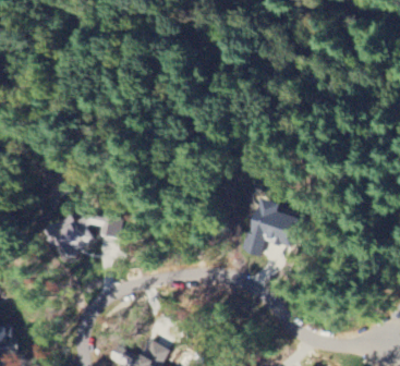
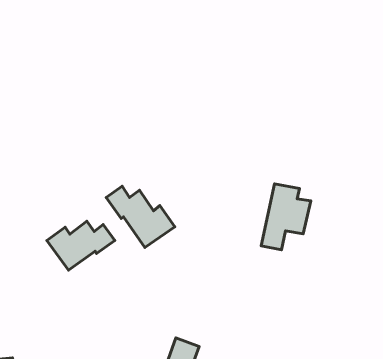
building: none -> [106,186,175,247]

